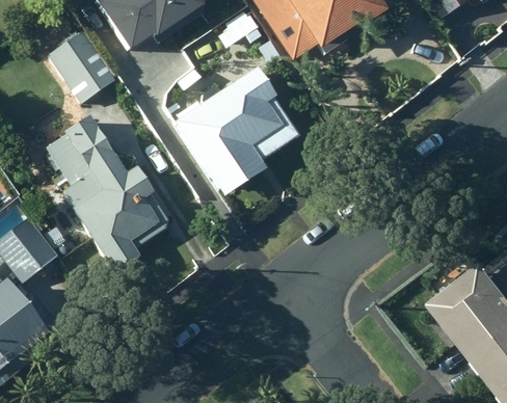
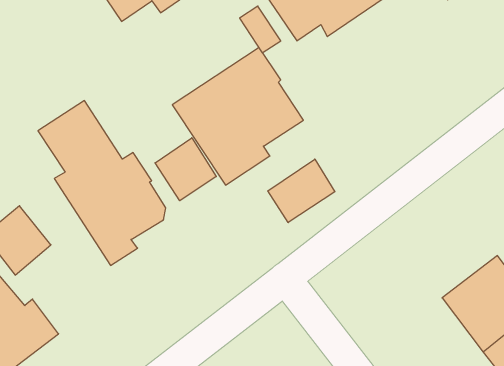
building: [46,30,114,102] -> none
building: none -> [155,138,216,201]
building: none -> [268,159,335,223]

